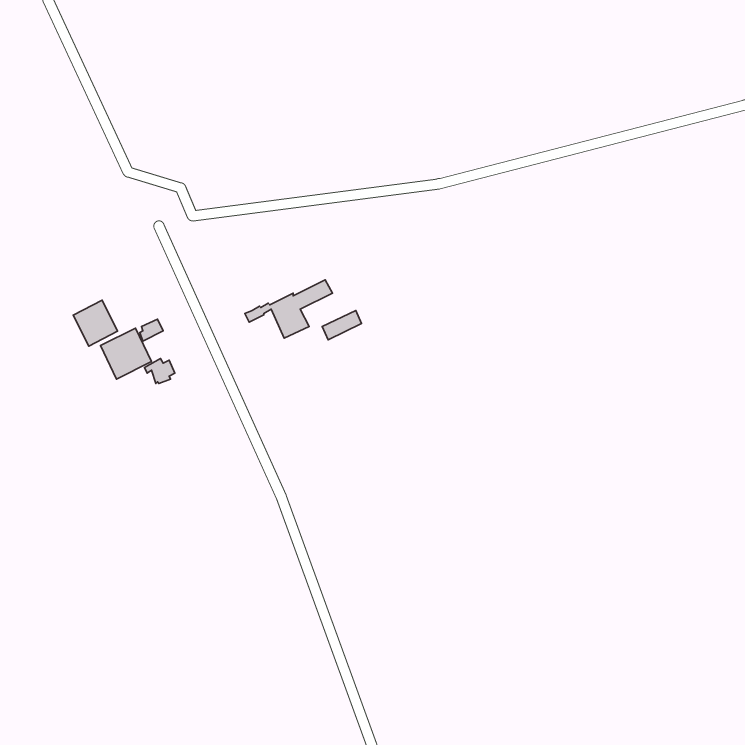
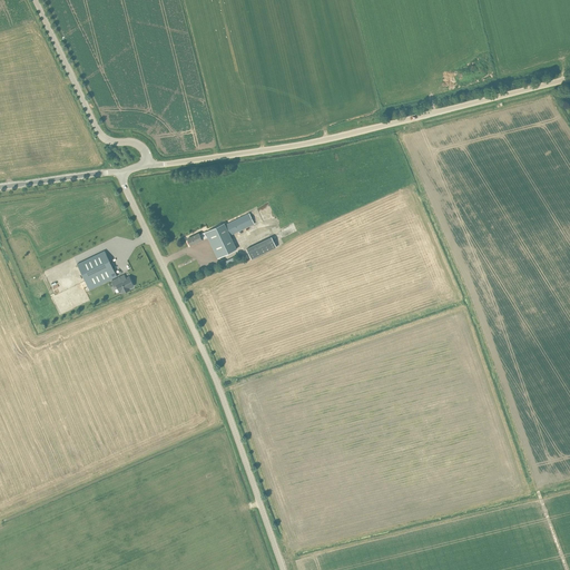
building: [73,300,118,346] -> none

